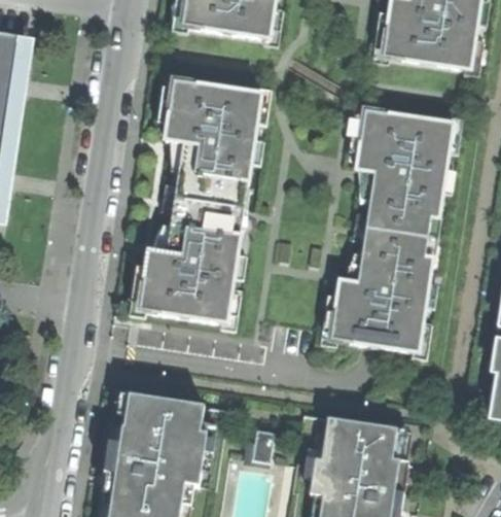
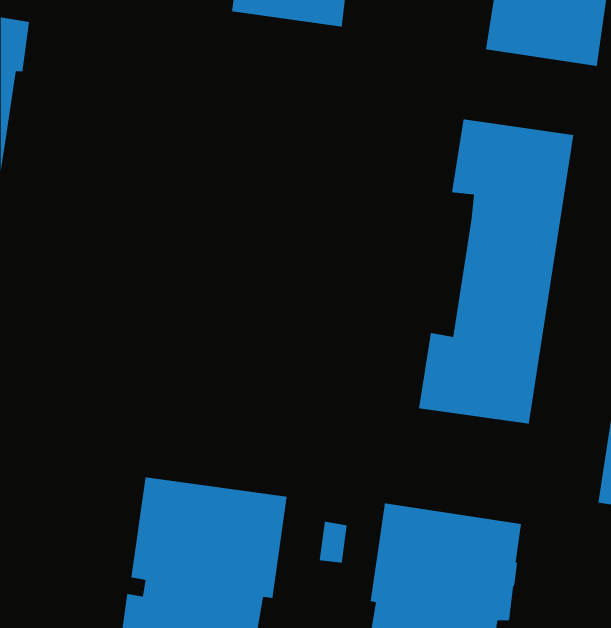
building: [140,80,261,321] -> none

